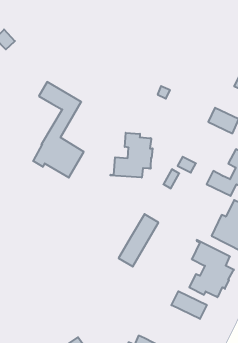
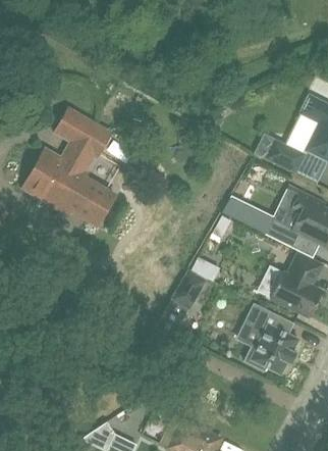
building: none -> [21,135,88,205]
building: [110,133,153,178] -> none
building: [171,291,207,319] -> none

